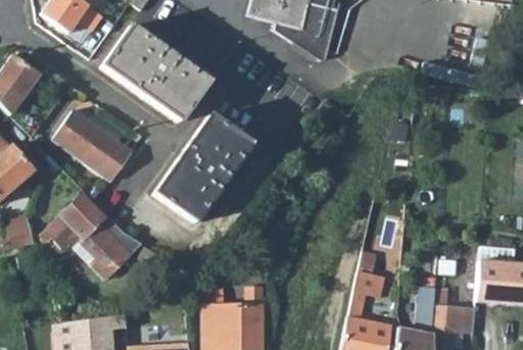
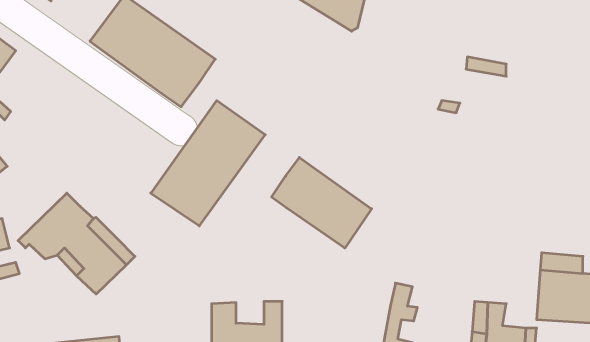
building: [53,110,132,180] -> none
building: none -> [272,157,372,248]

